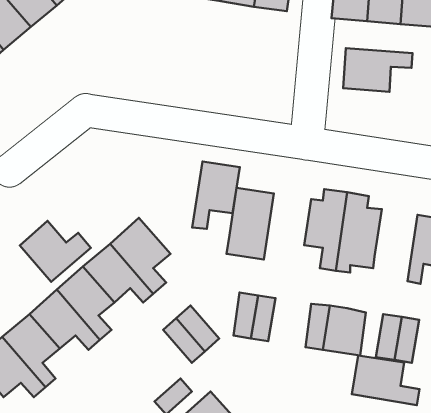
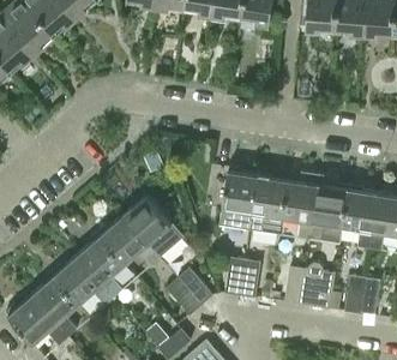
building: [343,48,413,92] -> none
building: [192,161,240,229] -> [249,175,289,232]
building: none -> [342,188,378,248]
building: [20,221,91,282] -> none
building: [352,355,420,405] -> none

